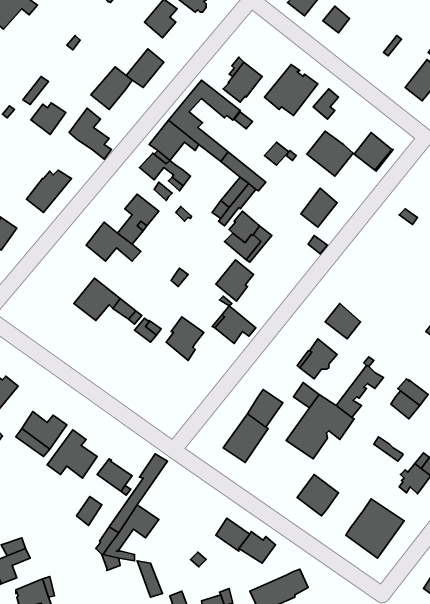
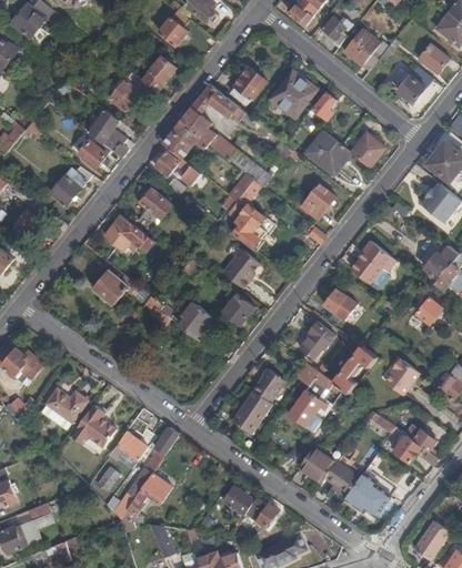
building: none -> [344,29,379,64]
building: [31,103,66,134] -> [78,139,110,168]
building: none -> [350,240,394,287]
building: none -> [324,460,359,494]

